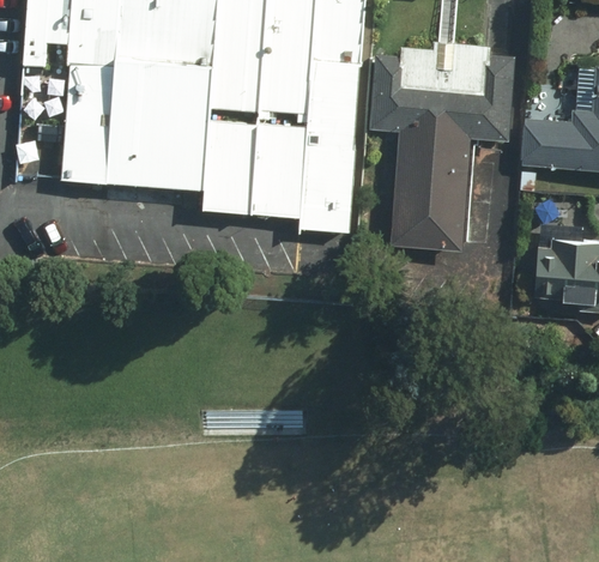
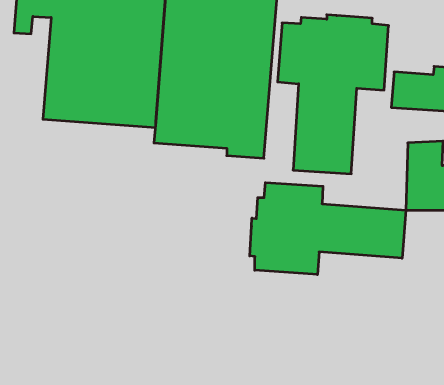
building: none -> [250,183,406,275]

